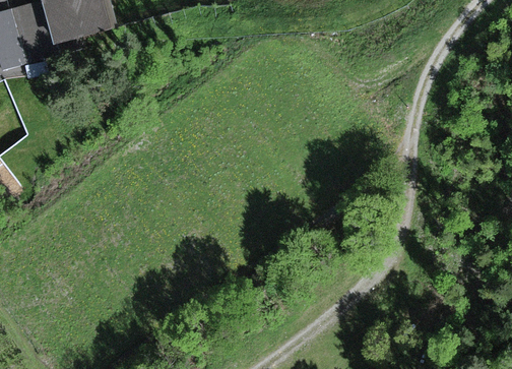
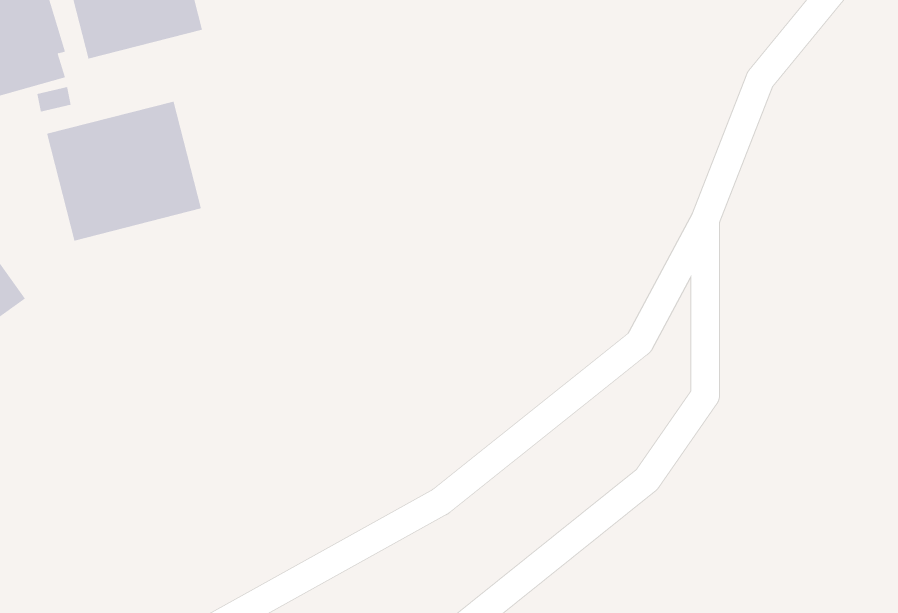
building: none -> [46,101,202,241]

